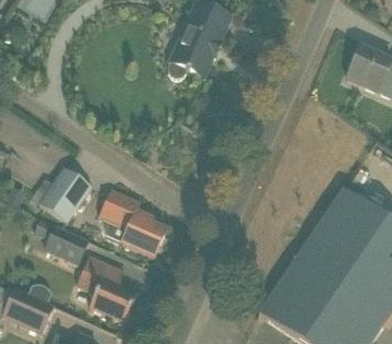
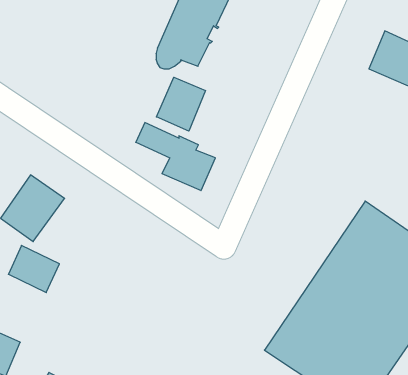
building: none -> [156,77,205,131]
building: [100,198,167,254] -> [136,123,215,191]
building: [76,254,136,321] -> none

